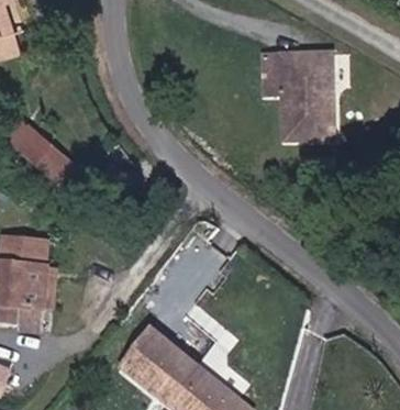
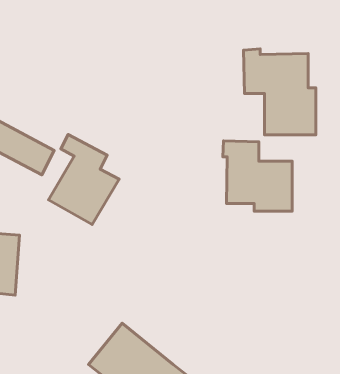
building: none -> [48,135,119,225]
building: none -> [223,141,292,211]

